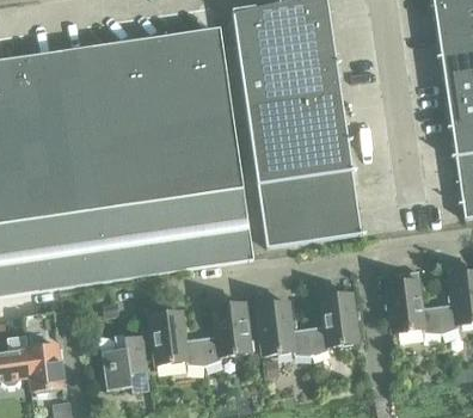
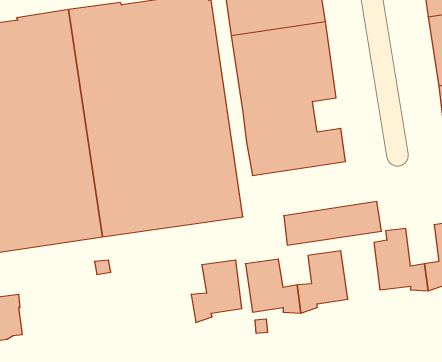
building: [324,137,352,172] -> none
building: [263,202,362,246] -> [284,202,382,245]
building: [148,311,205,365] -> none
building: [102,333,149,391] -> none
building: [26,345,63,393] -> none

